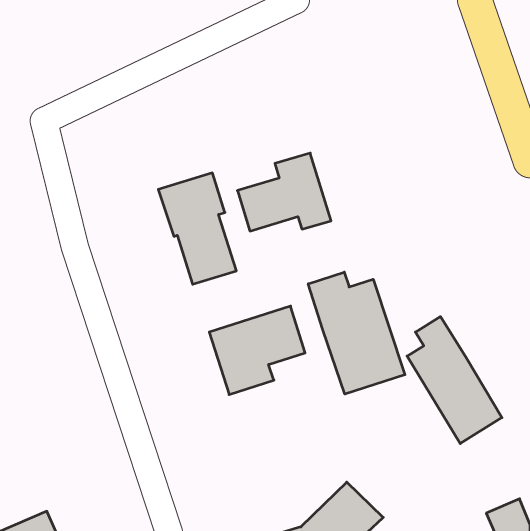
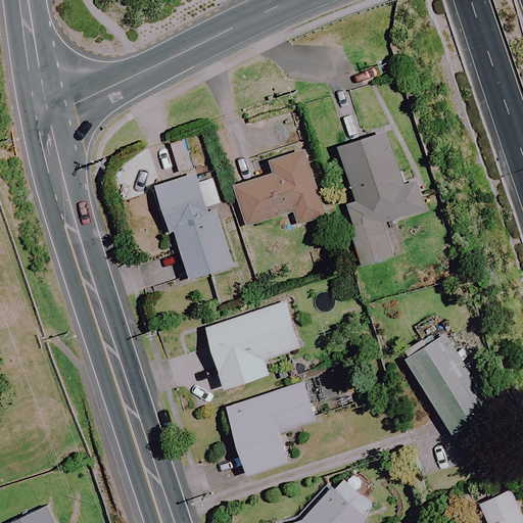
building: none -> [338,135,423,267]
building: [308,272,405,394] -> none
building: none -> [226,382,315,475]

